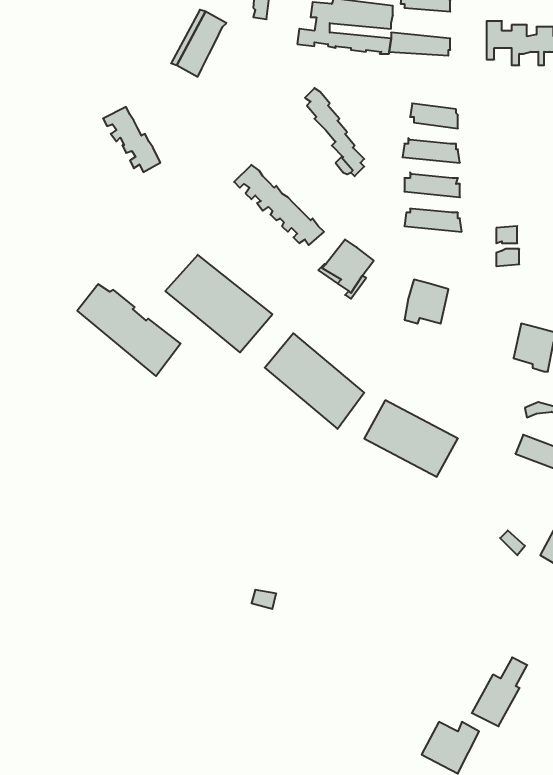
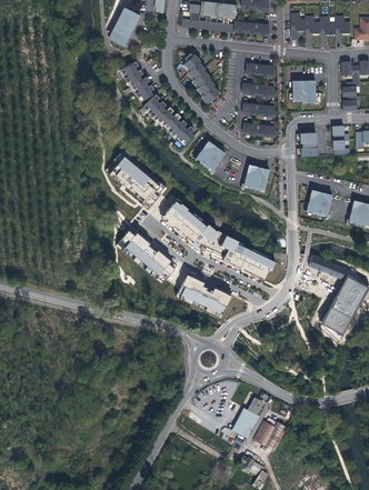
building: [103,107,160,172] -> [121,63,154,101]
building: none -> [290,80,320,102]
building: [77,284,181,376] -> [117,231,177,284]
building: none -> [176,272,236,319]
building: [472,657,527,726] -> [231,398,263,438]

